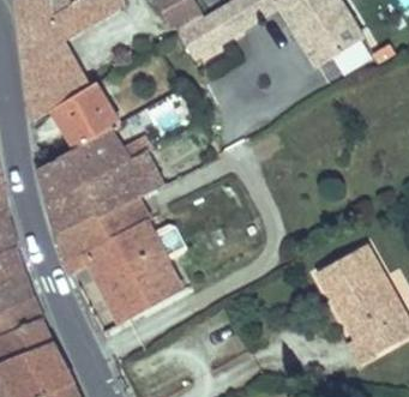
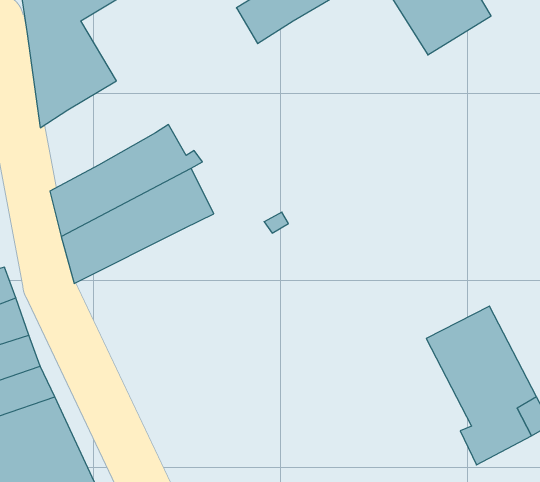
building: [54,82,119,148] -> none
building: [59,194,185,321] -> none

